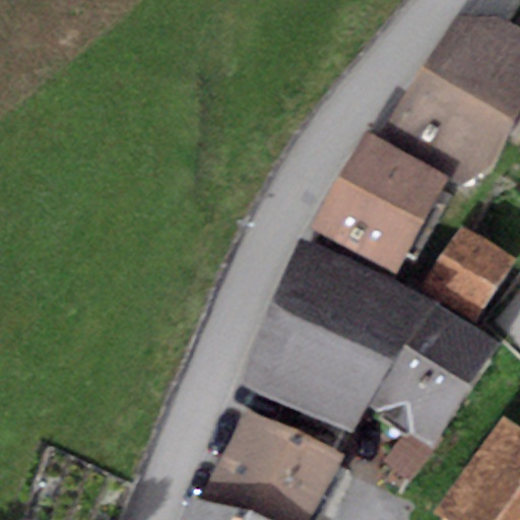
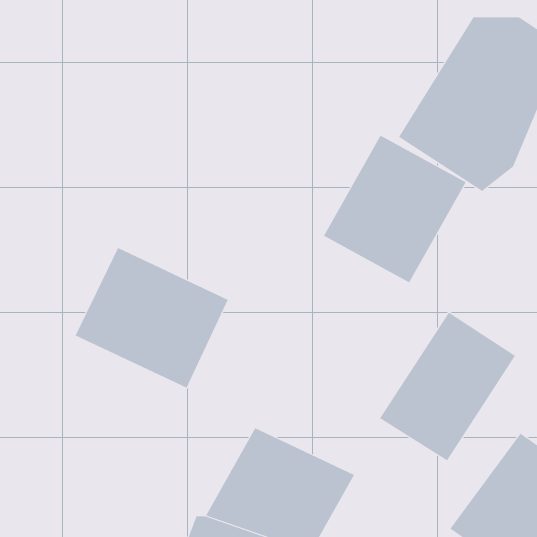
building: [422,226,515,322] -> none
building: [243,239,434,431] -> none
building: none -> [75,247,228,389]

